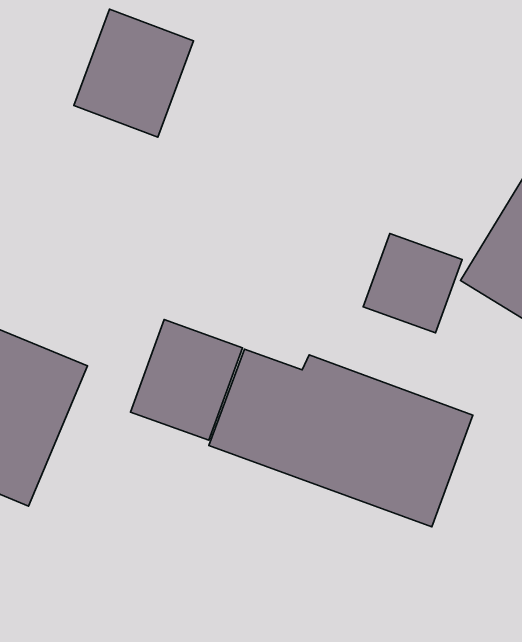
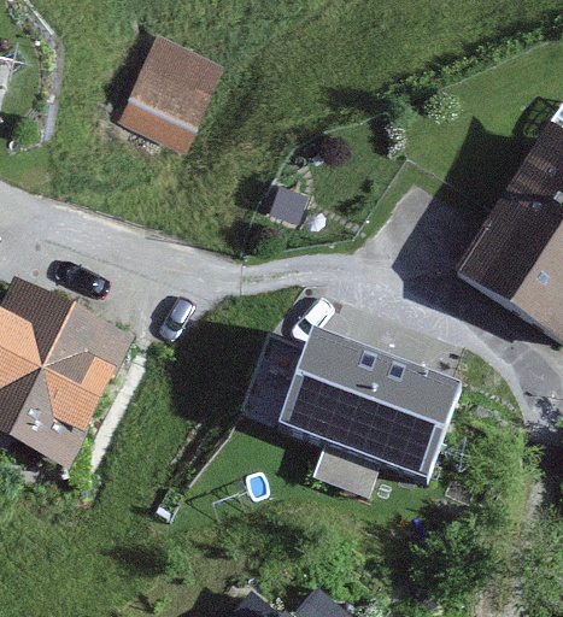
building: [363,234,462,333] -> none
building: [130,320,243,440] -> none

